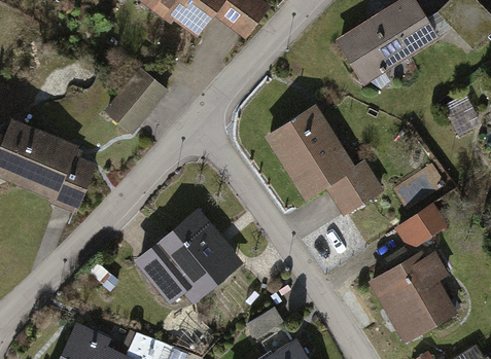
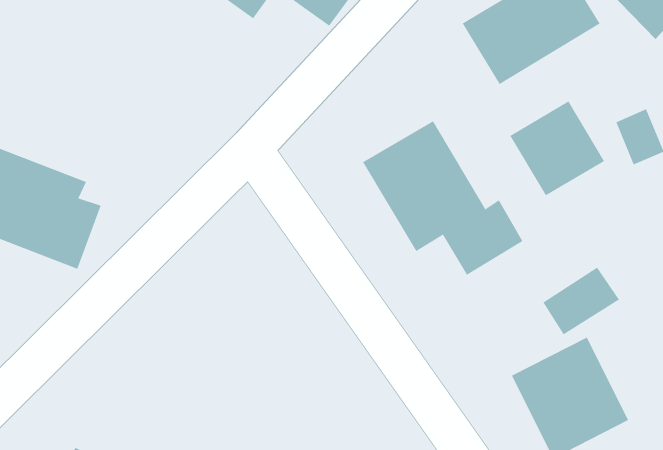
building: [108,68,170,132] -> none
building: none -> [510,101,605,196]
building: [136,211,241,304] -> none

